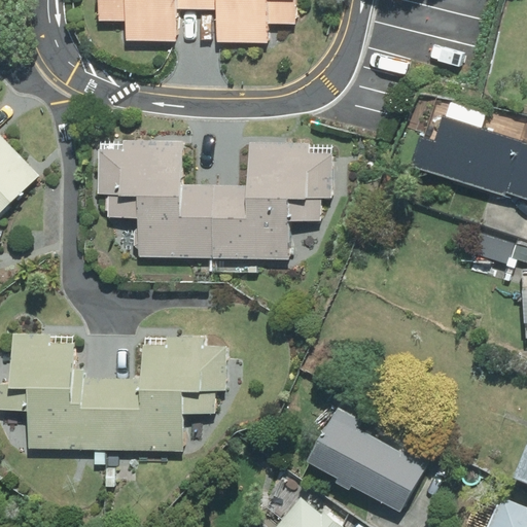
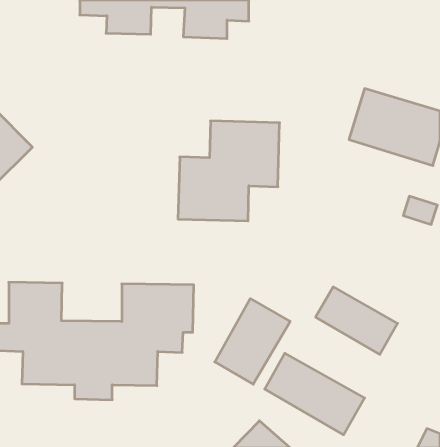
building: [96,138,211,258] -> none
building: none -> [316,287,398,354]
building: none -> [215,299,290,384]

